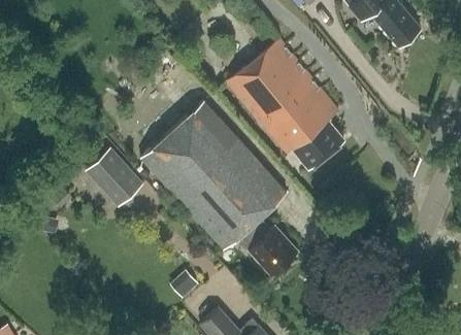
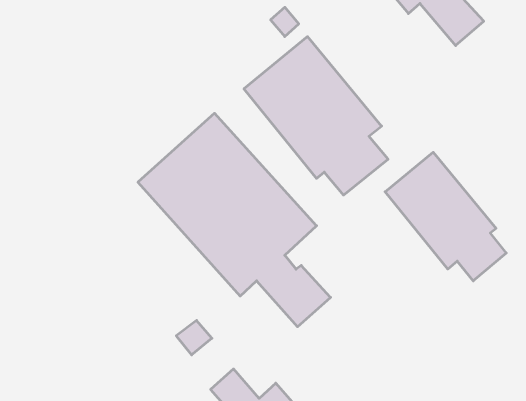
building: none -> [385,152,506,281]
building: [85,147,143,207] -> none

